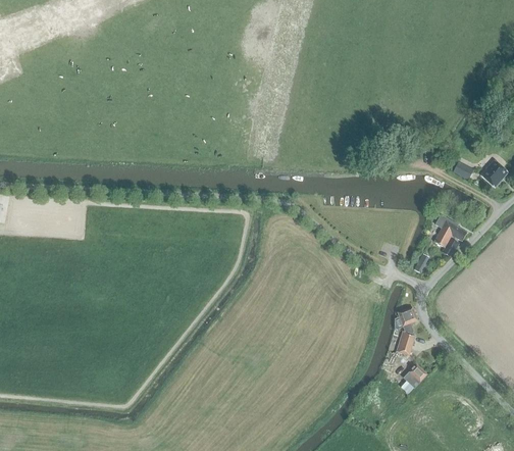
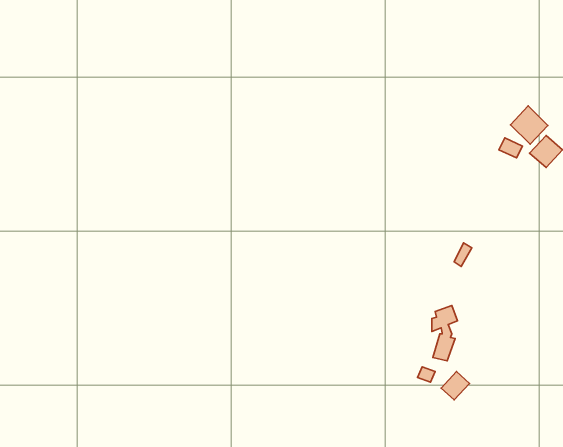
building: none -> [511,106,548,144]
building: [432,214,465,256] -> none

